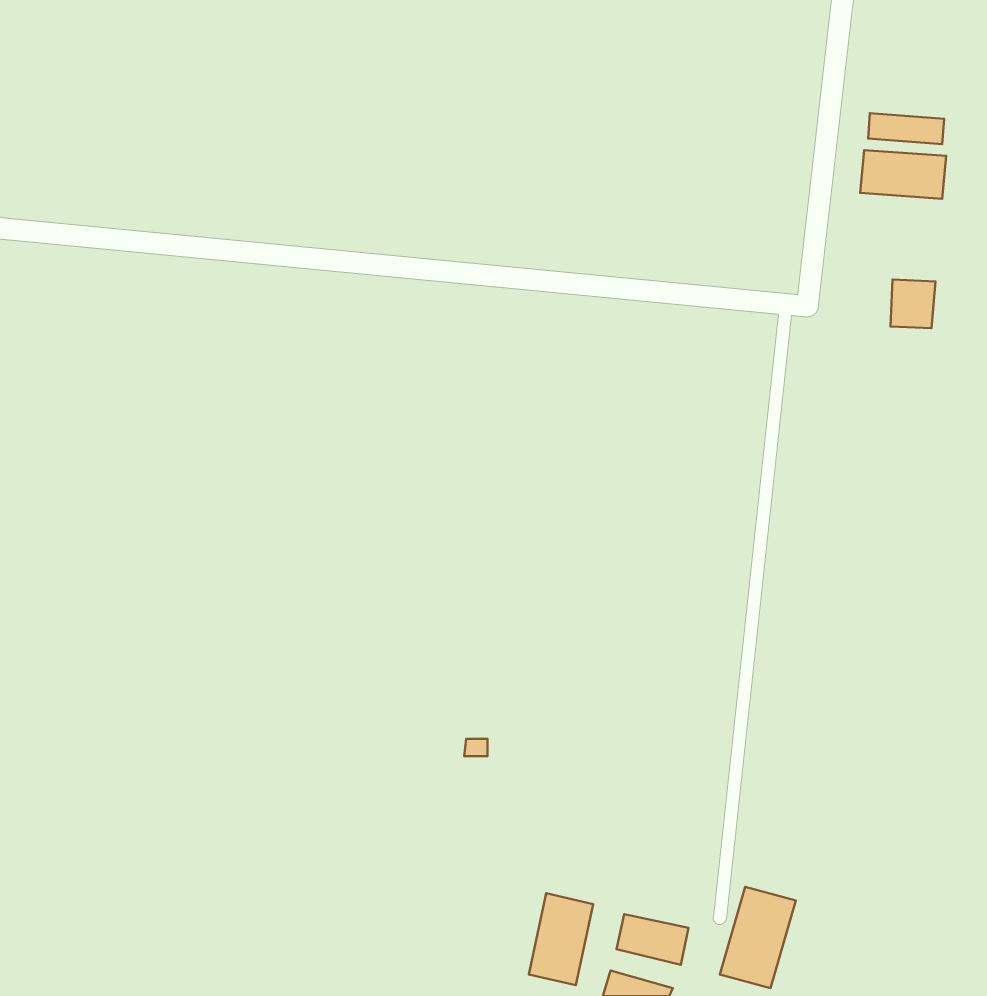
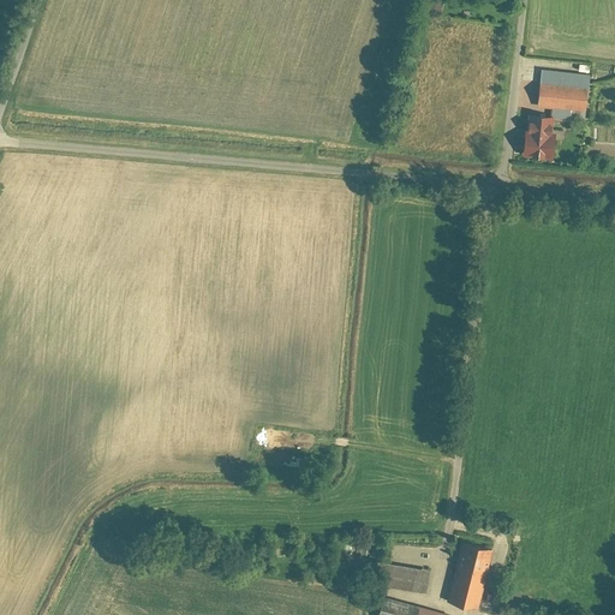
building: [891,280,935,328] -> [519,130,547,160]
building: [529,893,593,985] -> none

